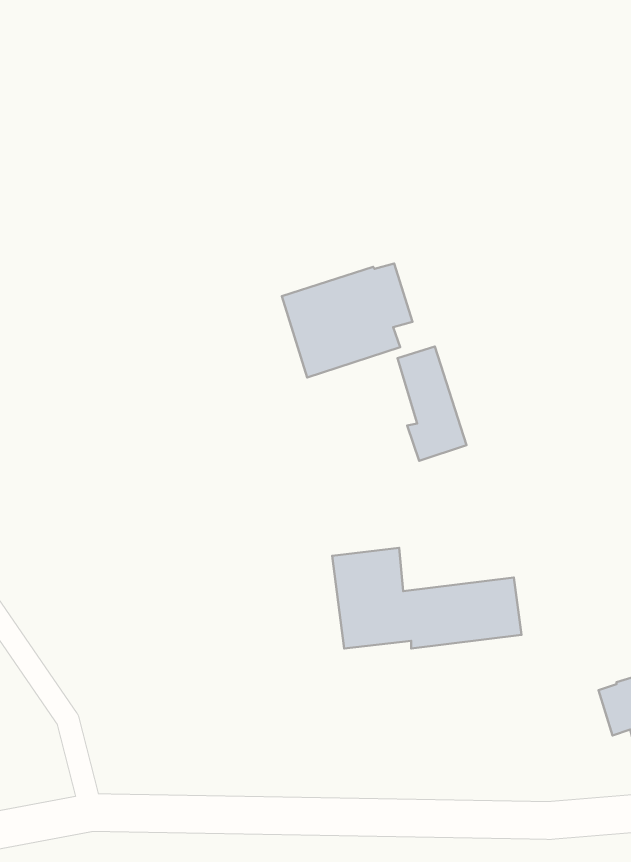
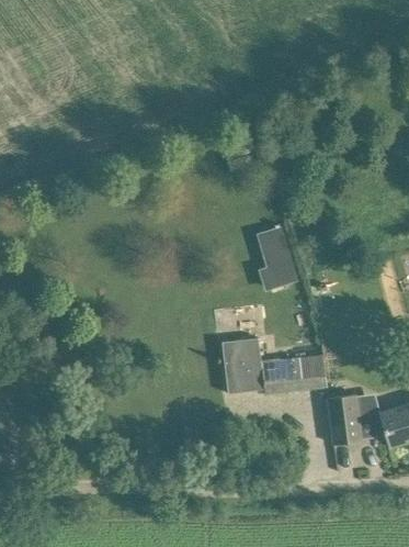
building: [282,263,413,378] -> none
building: none -> [328,394,363,445]

